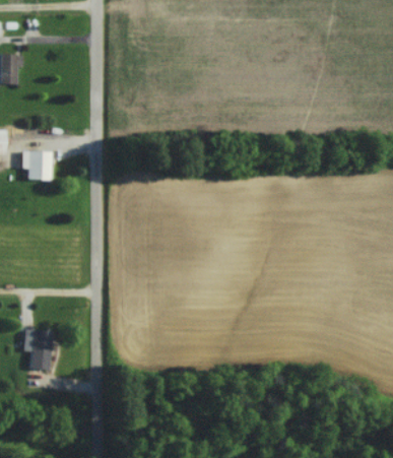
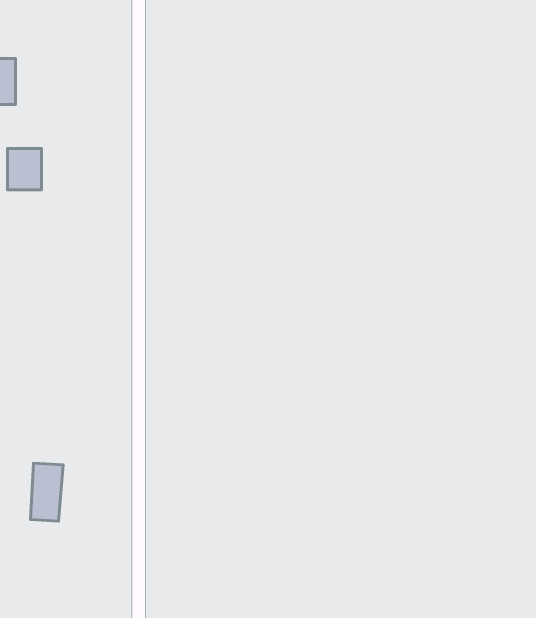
building: [27,151,51,180] -> [7,148,42,190]

